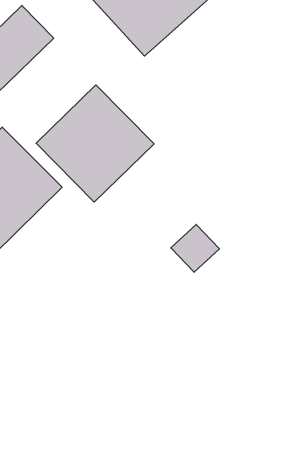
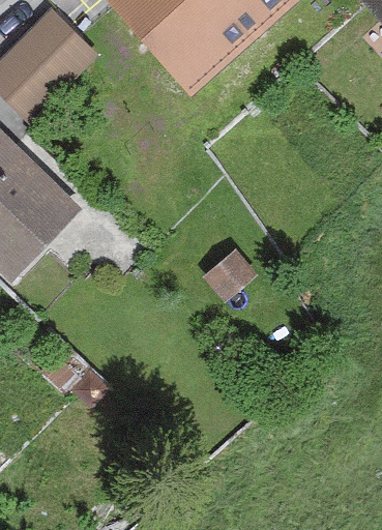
building: [36,85,154,202] -> none

